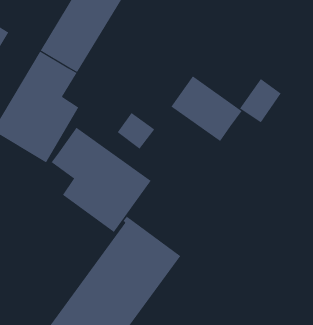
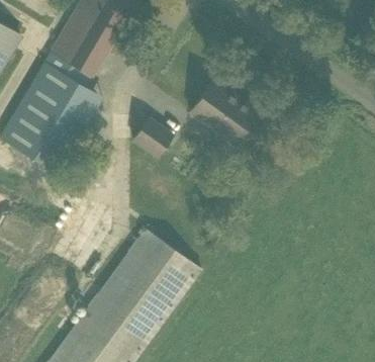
building: [239,78,282,123] -> none
building: [51,127,152,233] -> none

